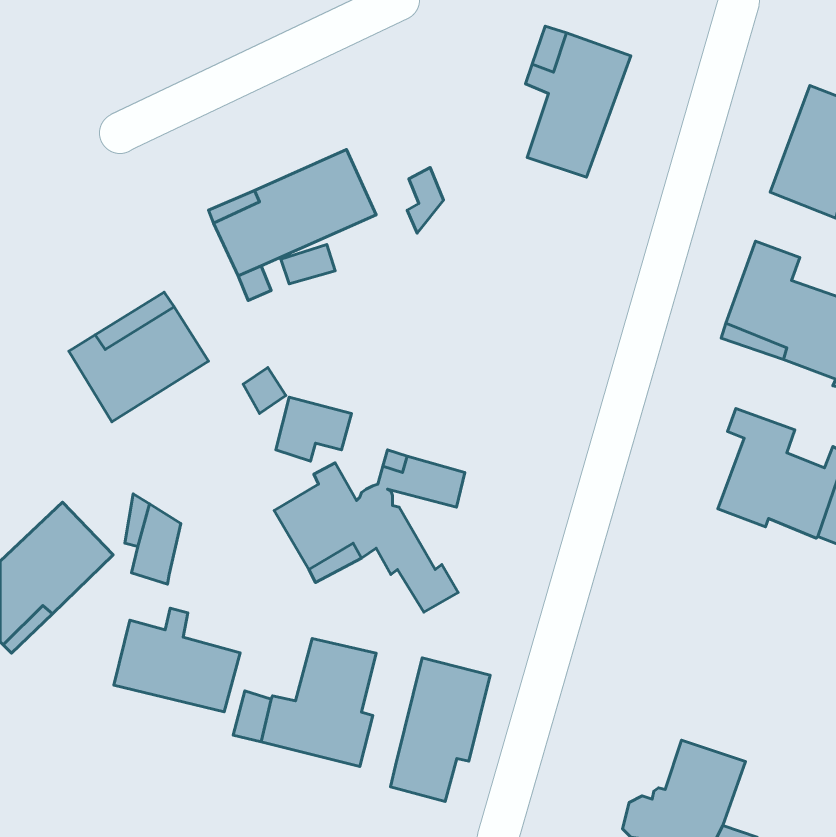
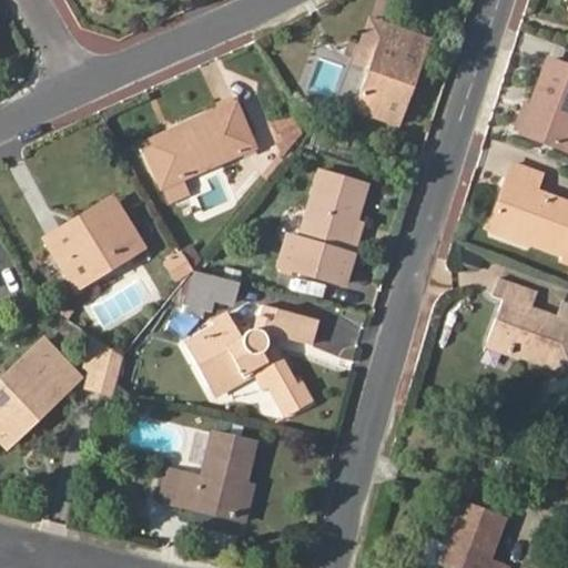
building: none -> [283,168,369,282]
building: [114,608,240,712] -> none
building: [391,658,490,801] -> none

